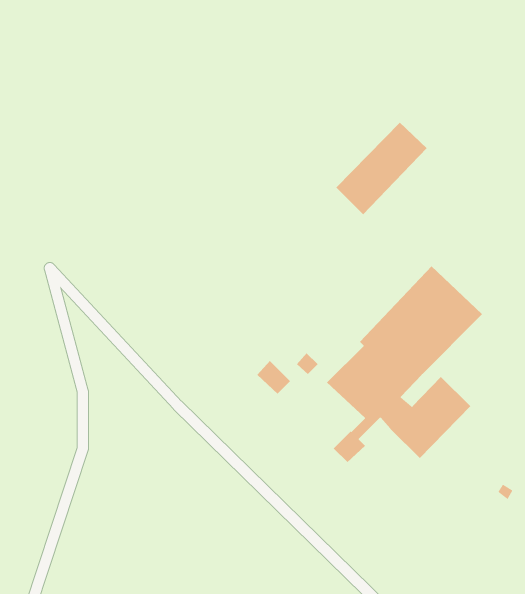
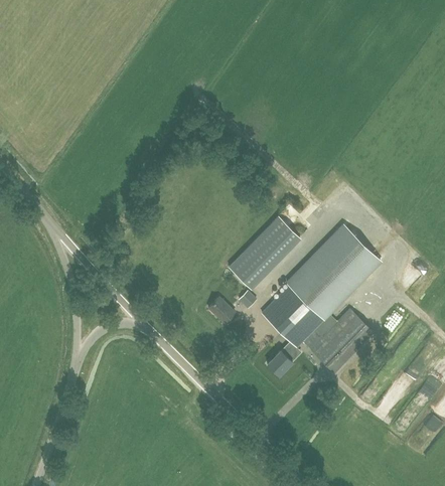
building: [335,122,428,215] -> [229,216,299,288]

